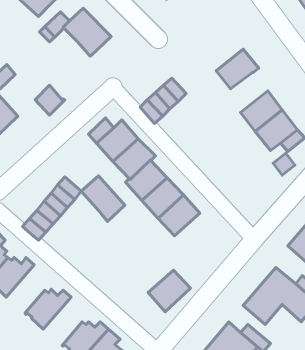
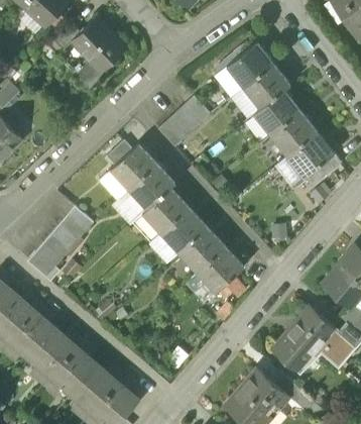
building: none -> [225,42,272,89]
building: none -> [252,91,299,135]
building: [35,85,65,115] -> [72,57,105,90]
building: [81,176,125,221] -> none
building: none -> [8,305,51,358]
building: [148,270,191,312] -> [196,247,243,294]
building: none -> [49,341,93,395]

